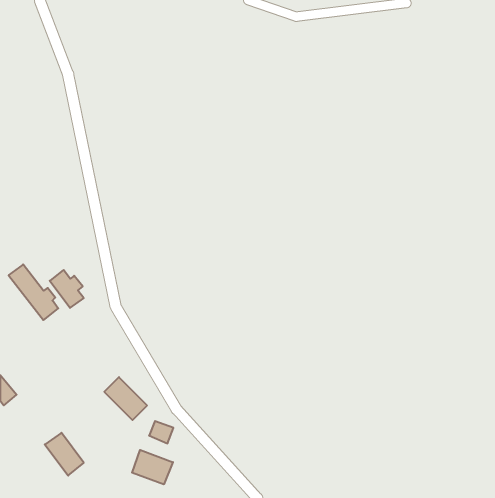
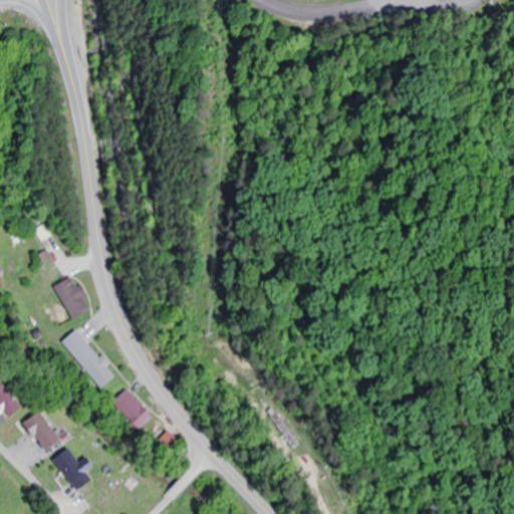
building: [9,264,58,320] -> [61,329,112,387]
building: none -> [19,409,58,448]
building: [132,450,173,484] -> none

